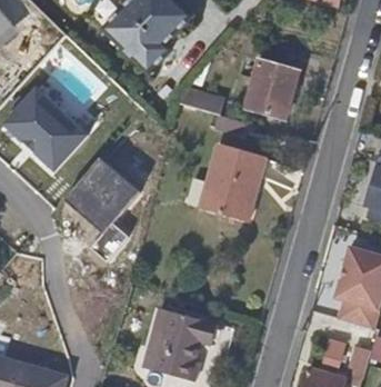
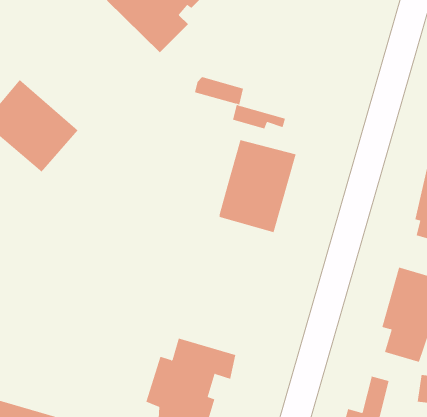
building: [244,54,298,116] -> none
building: [63,160,137,259] -> none

